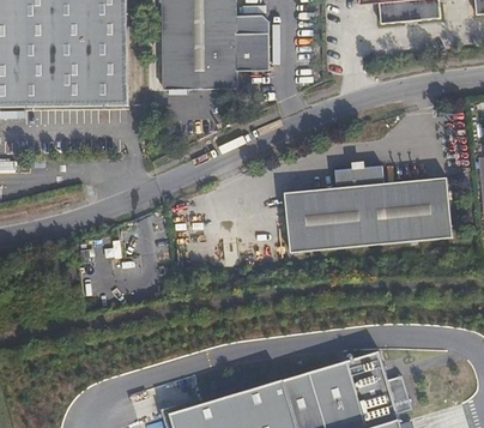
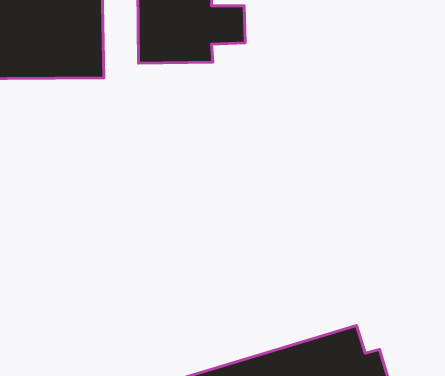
building: [282,165,448,252] -> none

